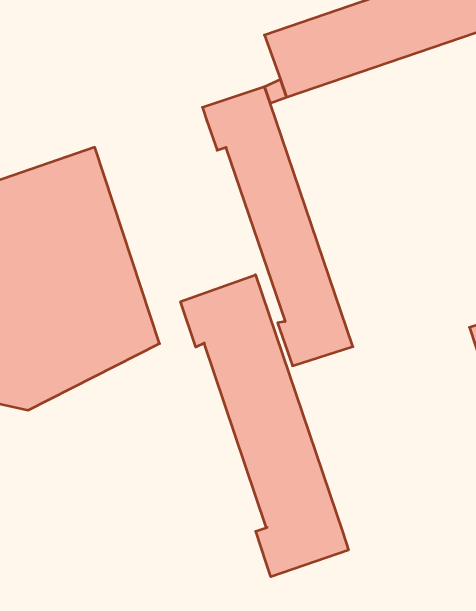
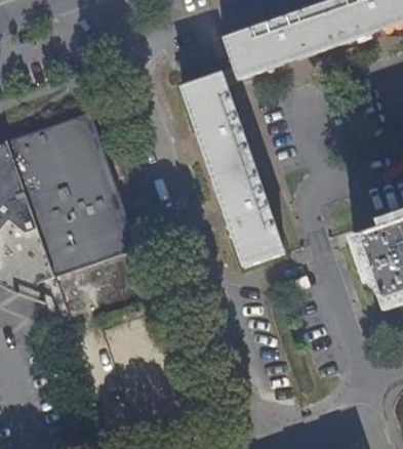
building: [181,275,348,577] -> none

